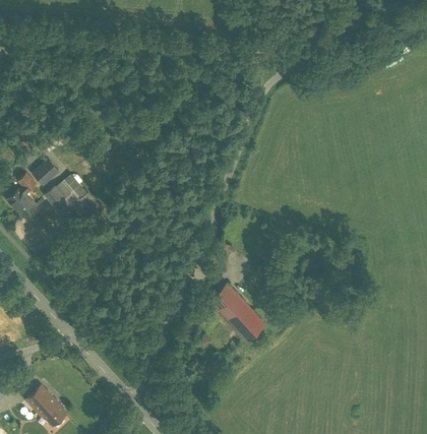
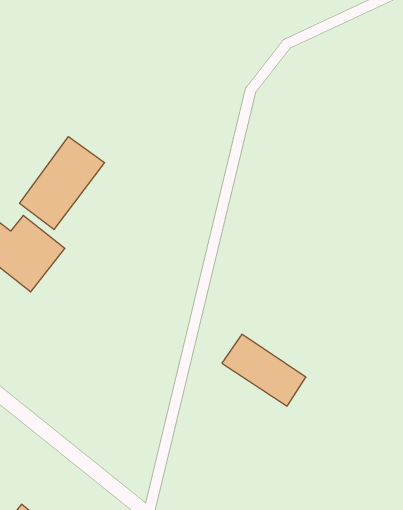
building: none -> [20,137,105,230]

